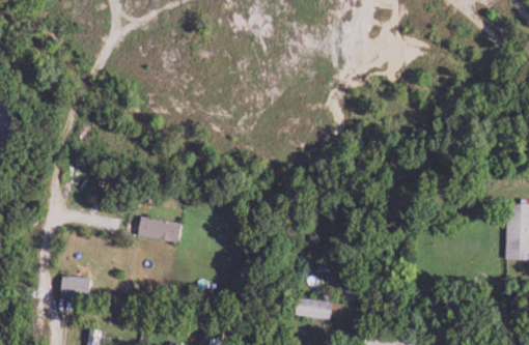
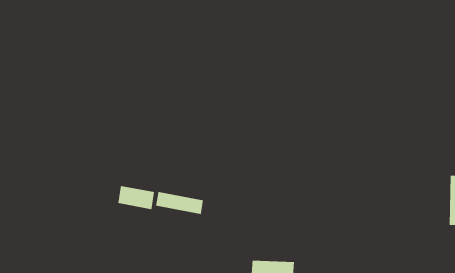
building: none -> [156,191,204,215]
building: [59,276,93,300] -> none

